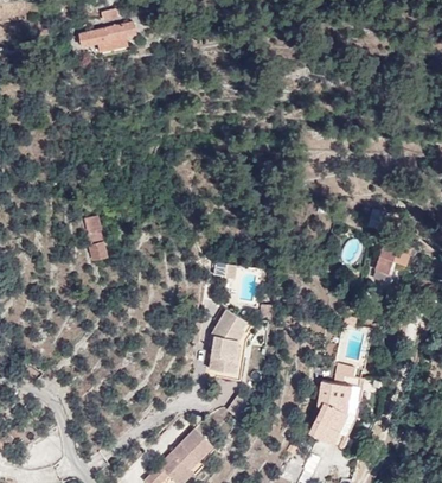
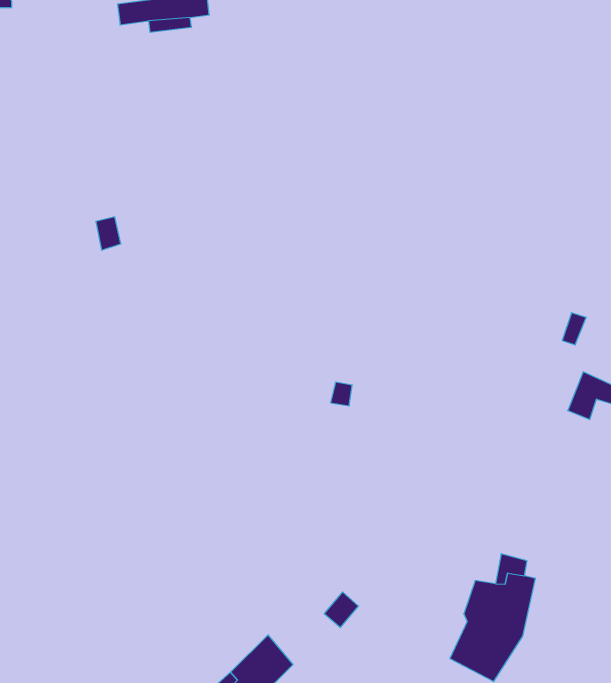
building: [82,216,109,262] -> none
building: [211,309,254,381] -> none

